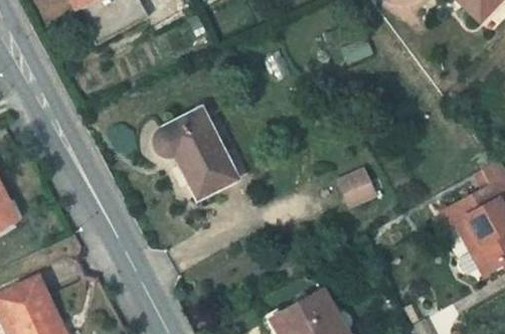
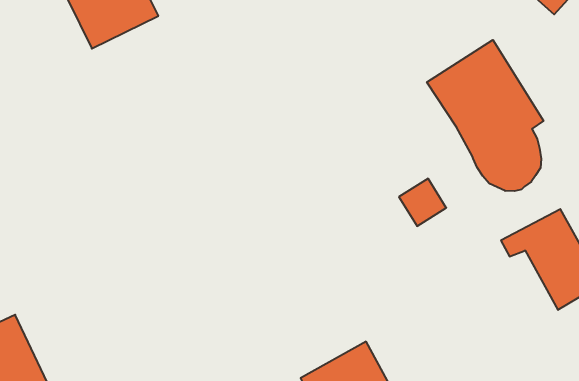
building: none -> [427,40,543,191]
building: [157,110,242,199] -> none

